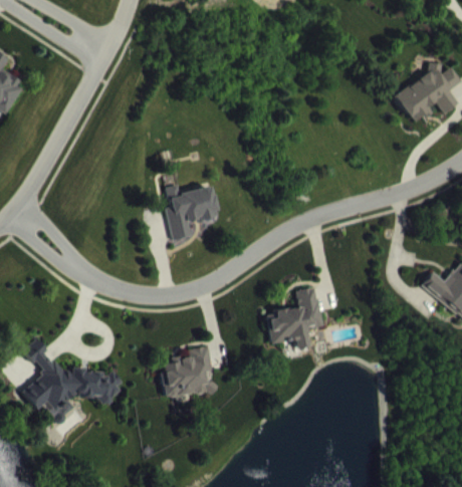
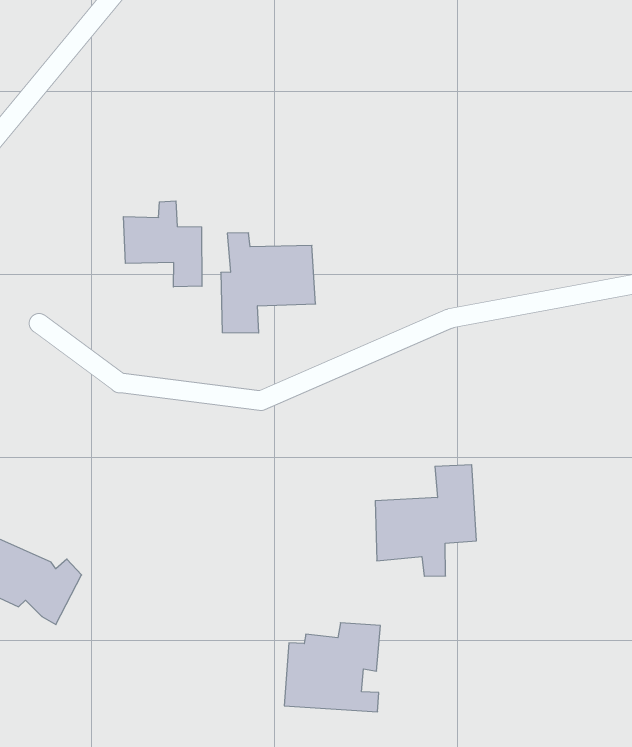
building: none -> [124,201,202,287]
building: [163,346,215,397] -> [284,623,380,712]

